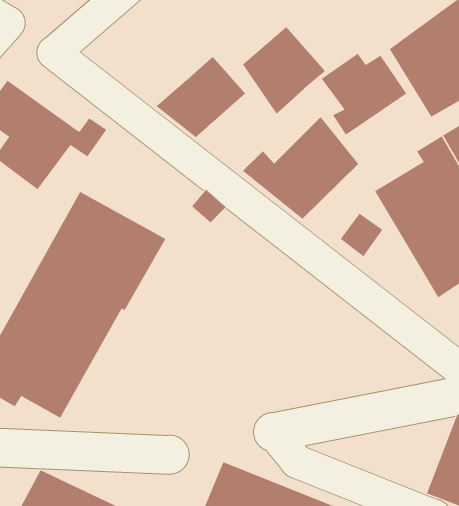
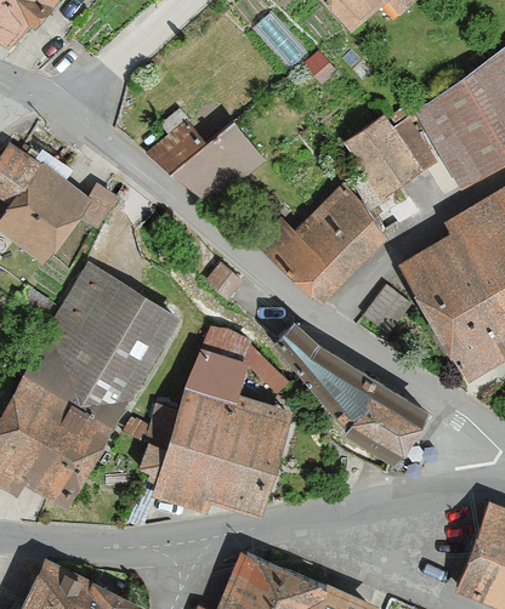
building: [242,26,326,115] -> none
building: none -> [148,124,204,173]
building: none -> [274,323,425,460]
building: none -> [155,328,291,512]

